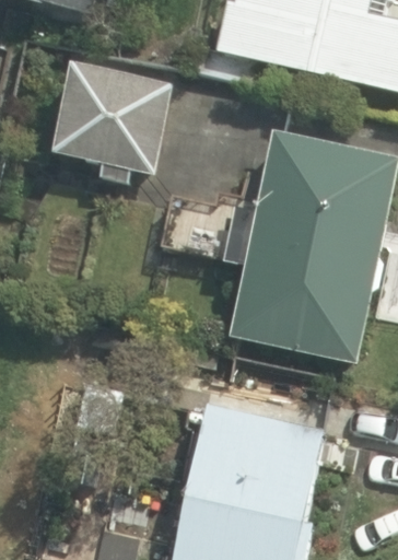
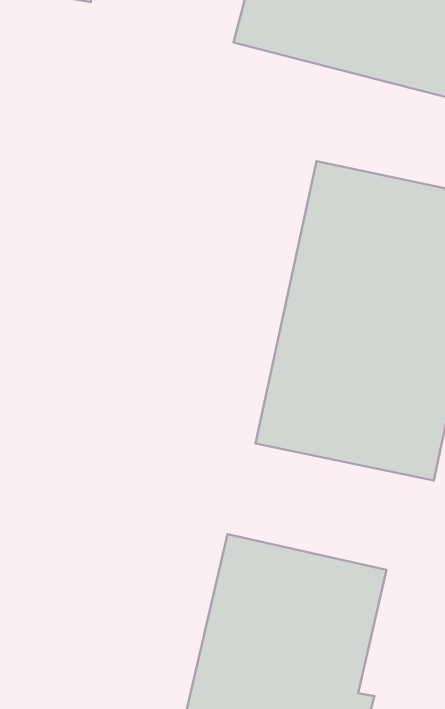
building: [49,61,175,177] -> none

